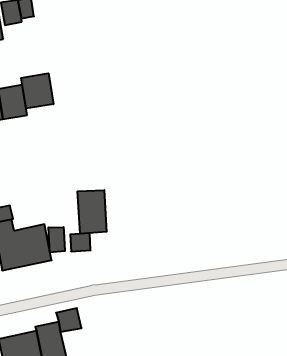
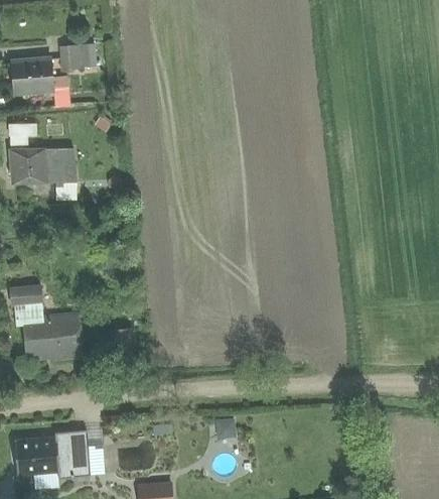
building: [21,73,53,108] -> none
building: [78,190,107,234] -> none
building: [48,227,65,252] -> none

